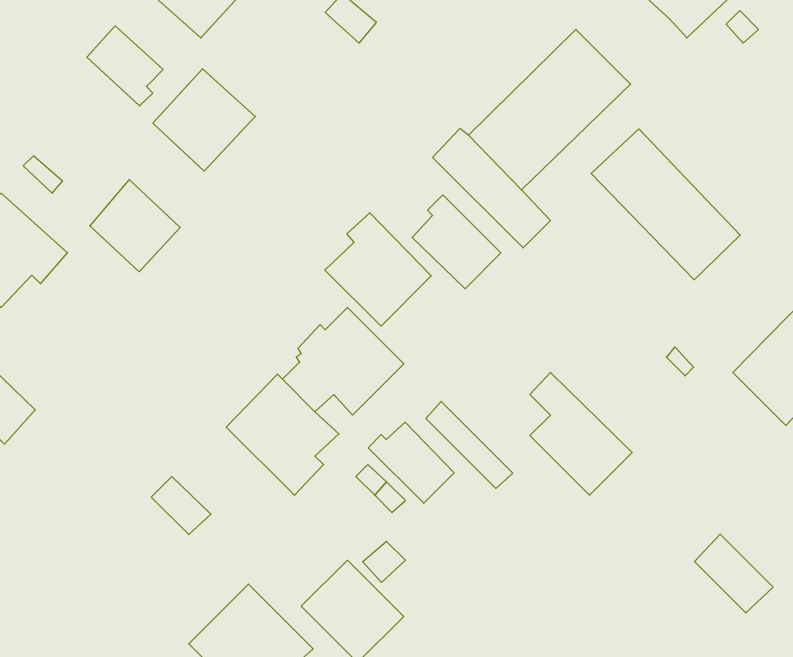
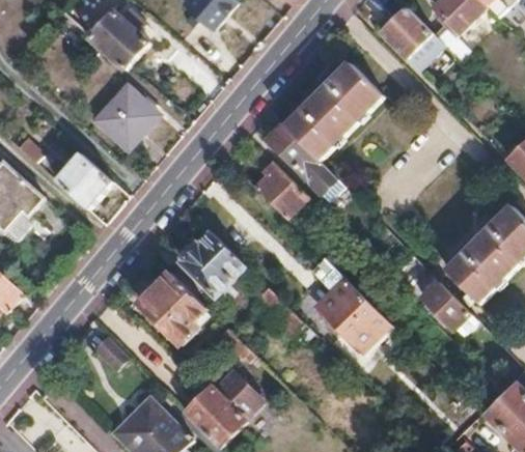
building: [87,26,163,106] -> none
building: [591,129,740,280] -> none
building: [325,213,431,326] -> none
building: [368,422,454,503] -> none
building: [695,534,773,613] -> [421,281,469,329]

